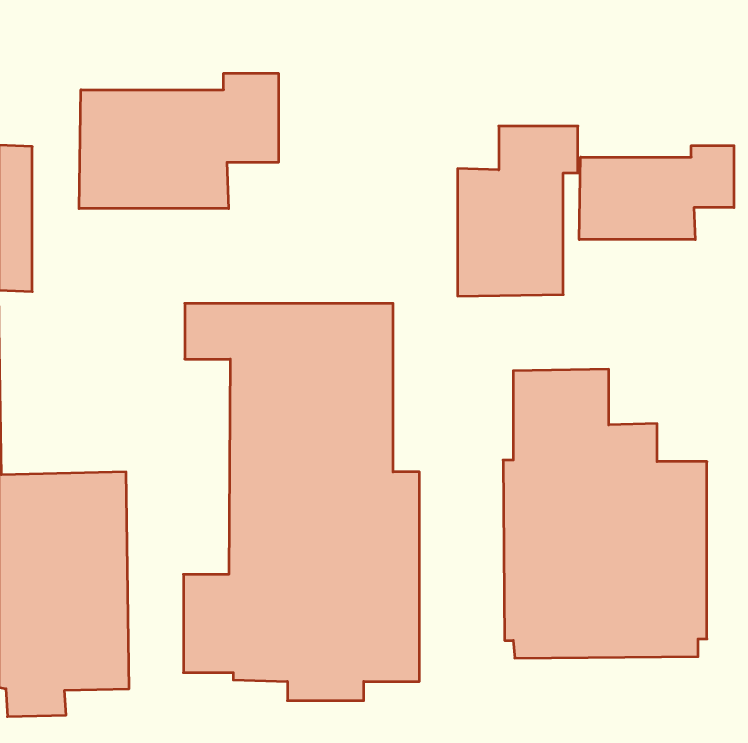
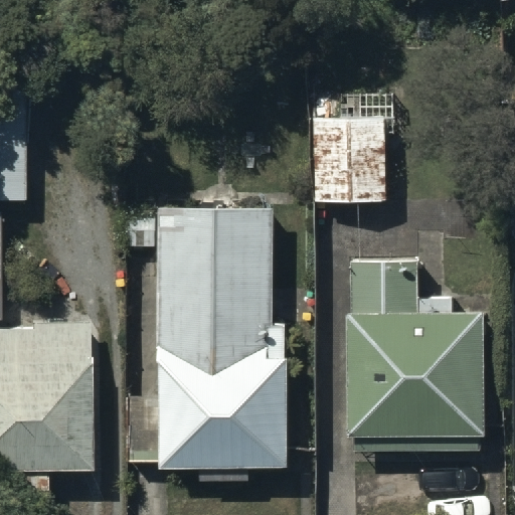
building: [79,73,278,209] -> none
building: [579,146,734,240] -> none

